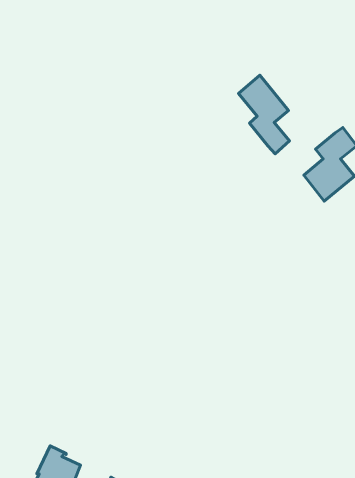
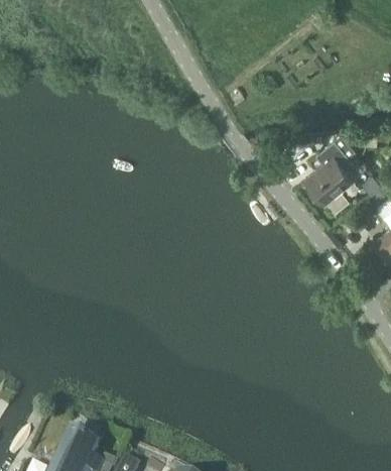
building: [239,75,290,154] -> none

